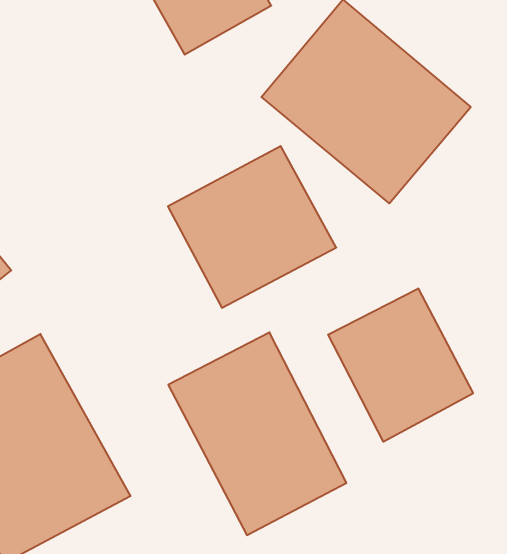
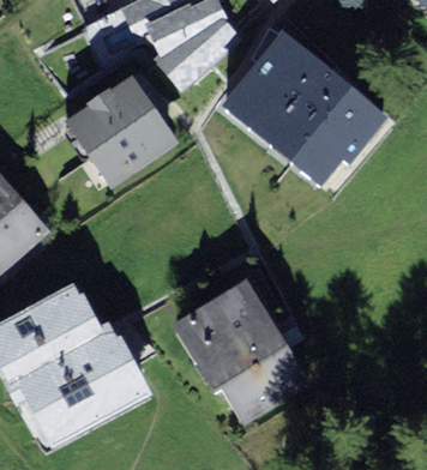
building: [168,146,336,308] -> [56,74,180,193]
building: [328,288,473,442] -> none

